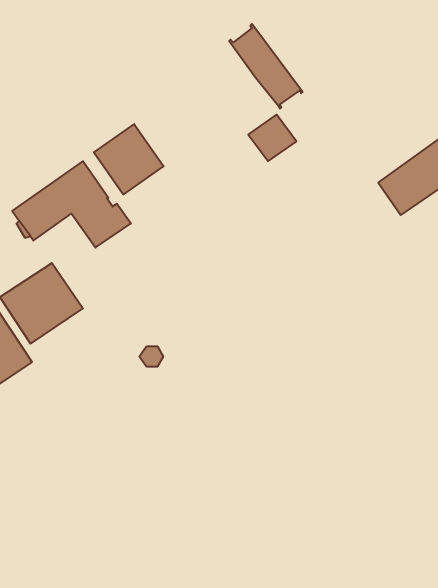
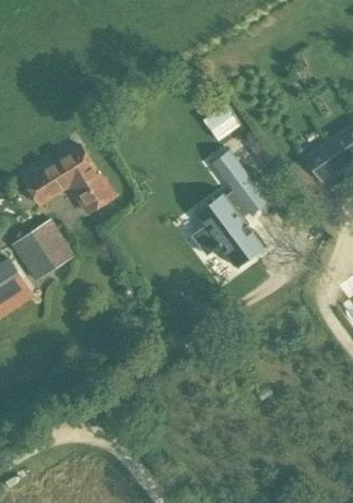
building: [229,24,303,109] -> [212,149,269,215]
building: [94,124,164,194] -> none
building: none -> [192,192,264,268]

